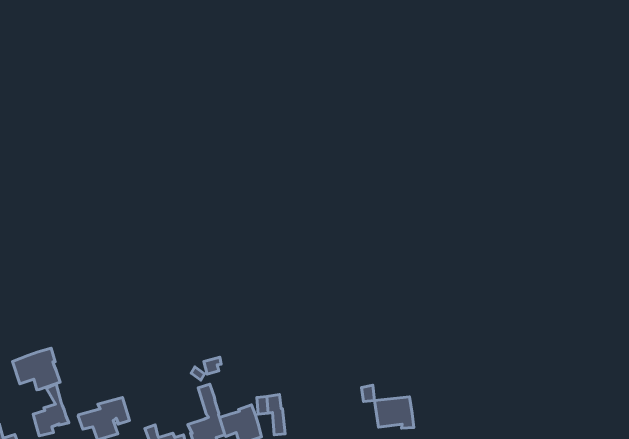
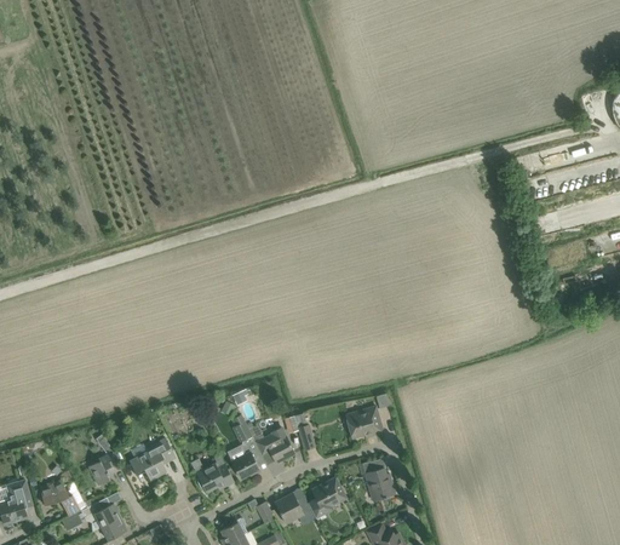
building: [12,348,60,390] -> none
building: [375,397,414,428] -> [345,406,384,437]

